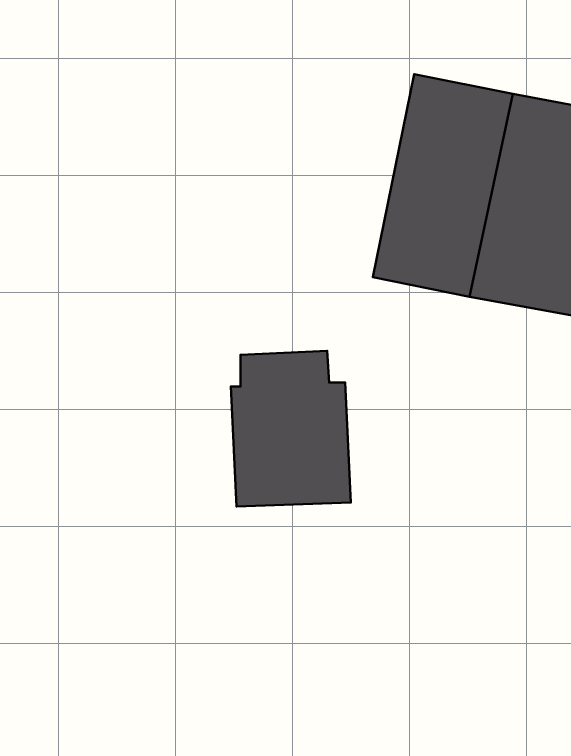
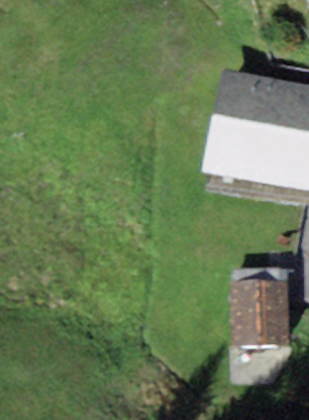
building: [231,351,351,507] -> [230,266,292,345]

